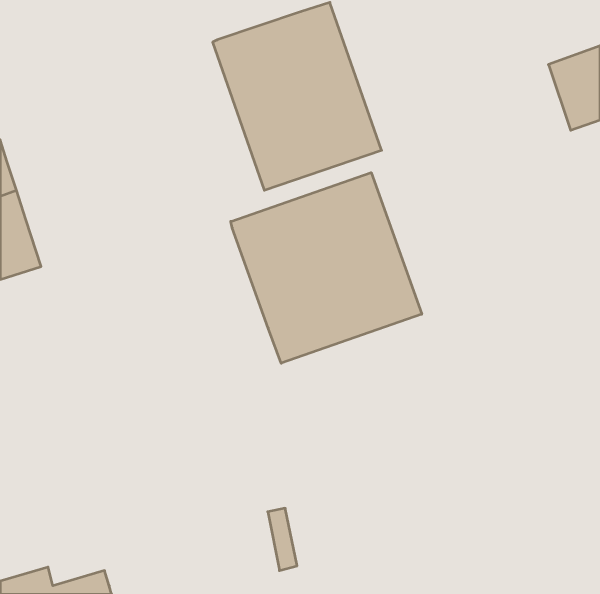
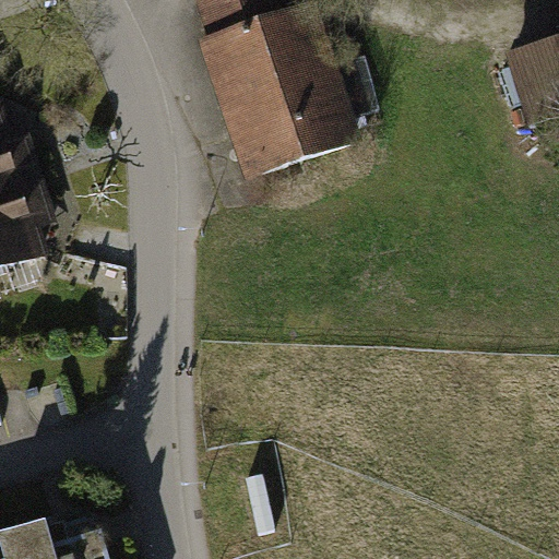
building: [231,173,422,363] -> none

